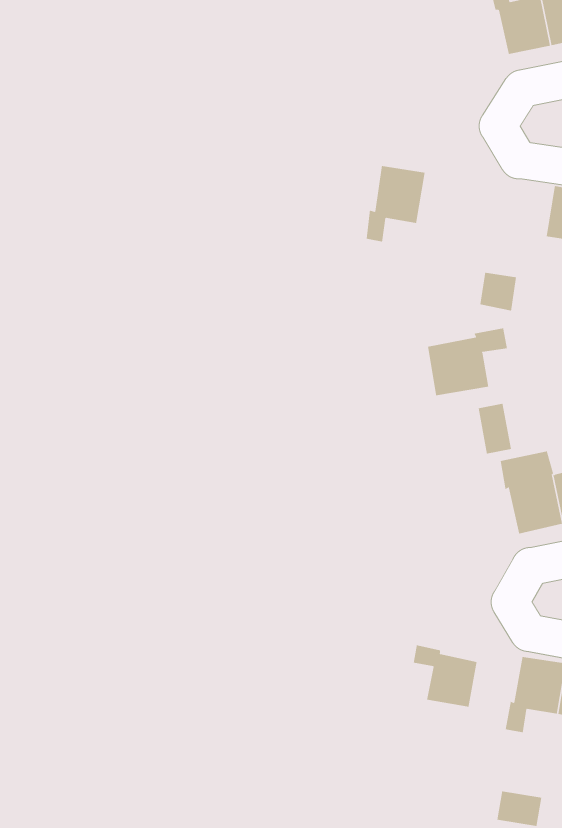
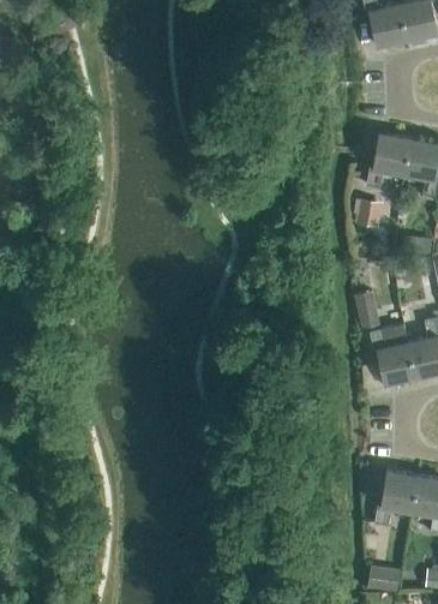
building: [366,166,425,242] -> [366,134,408,189]
building: [428,328,508,396] -> none
building: [413,645,477,708] -> none

